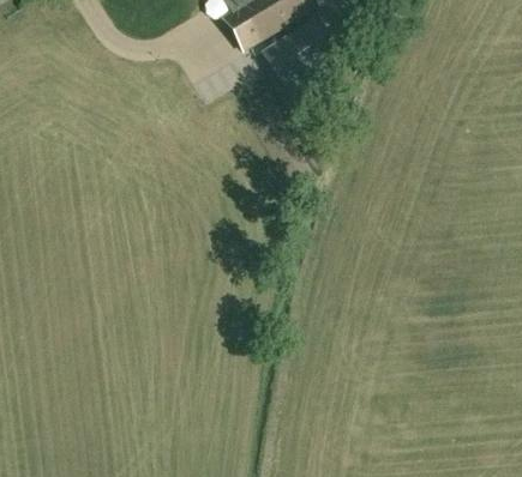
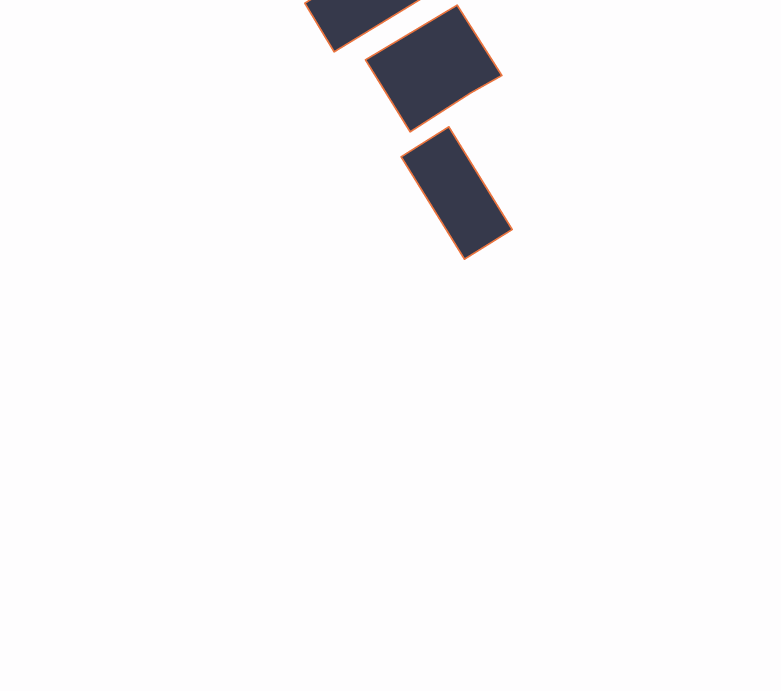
building: none -> [401,127,512,259]

